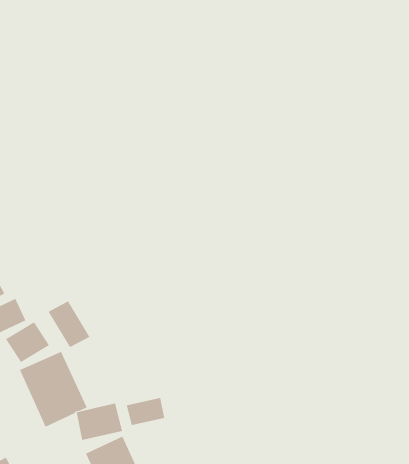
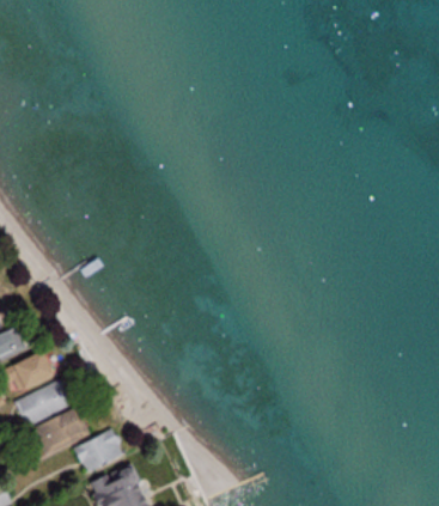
building: [48,301,90,348] -> none
building: [126,397,165,426] -> none

